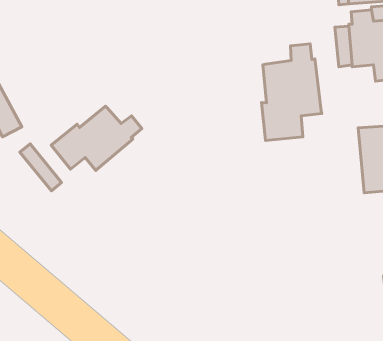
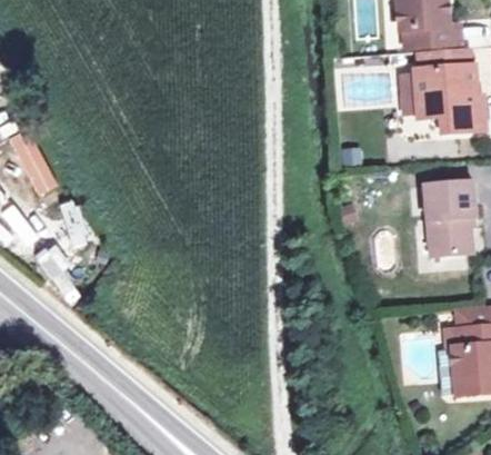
building: [262,44,322,141] -> none
building: [51,106,142,171] -> none

